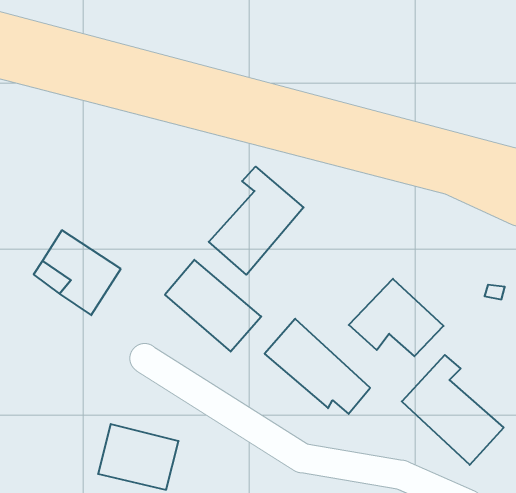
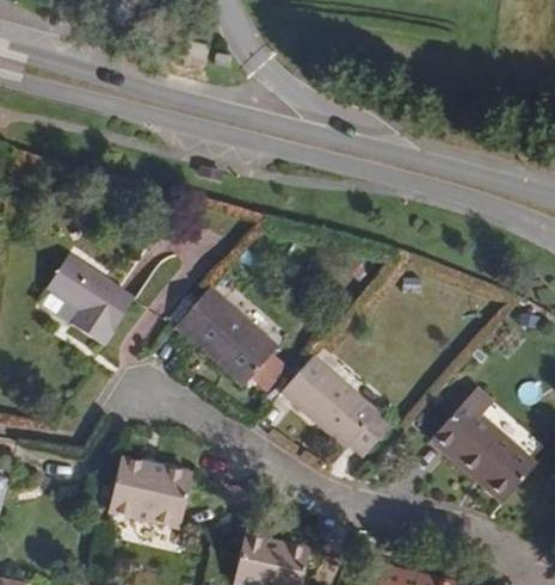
building: [209,167,304,275] -> none
building: [349,279,444,356] -> none

